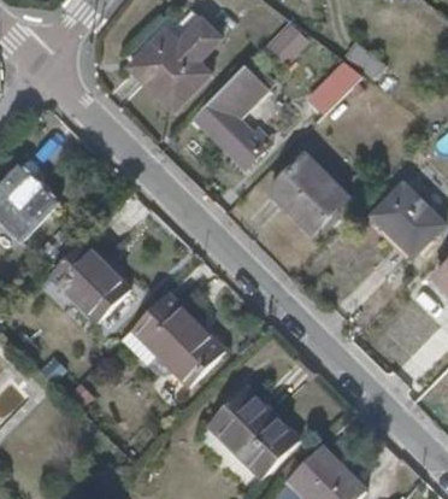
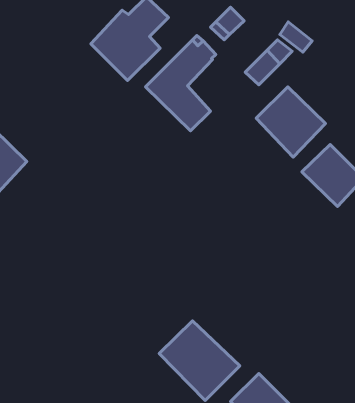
building: [267,153,347,234] -> [256,87,326,157]
building: [49,239,130,321] -> none
building: [120,292,224,384] -> none

